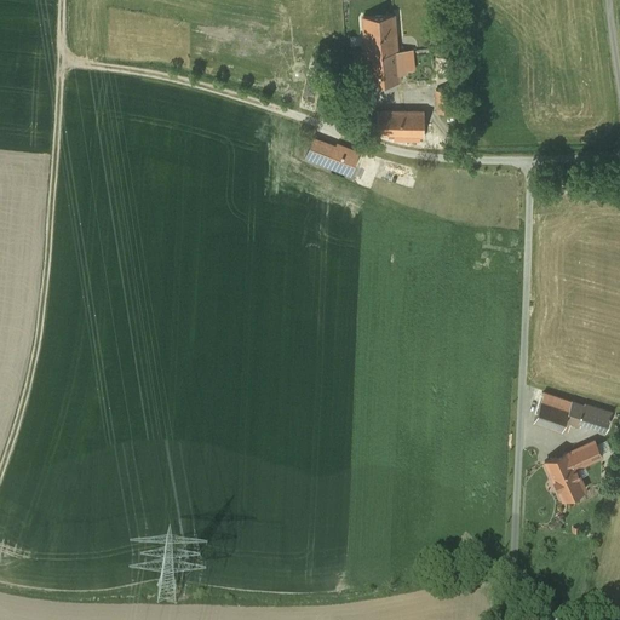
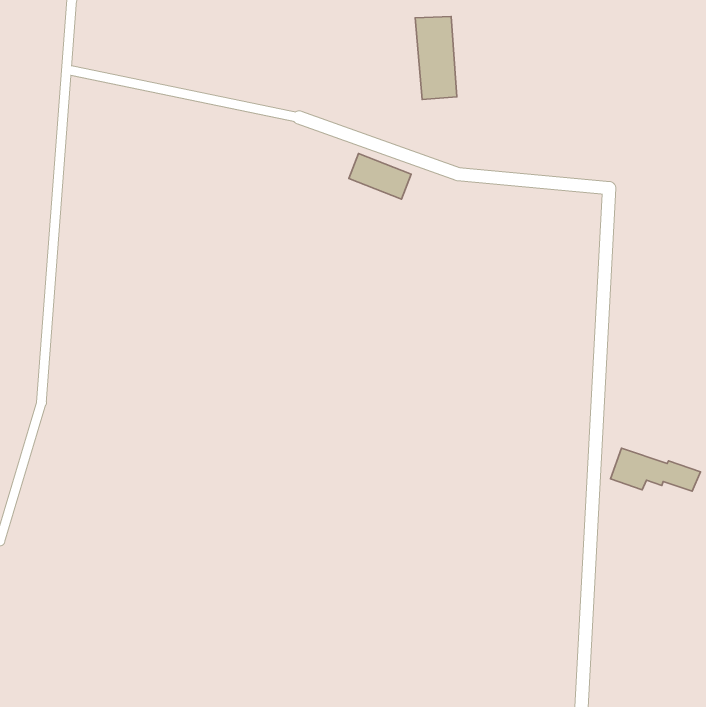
building: [378,110,425,134] -> none
building: [547,440,603,499] -> none

